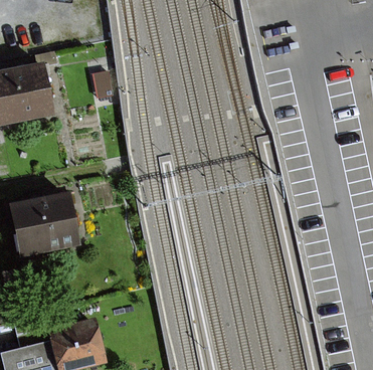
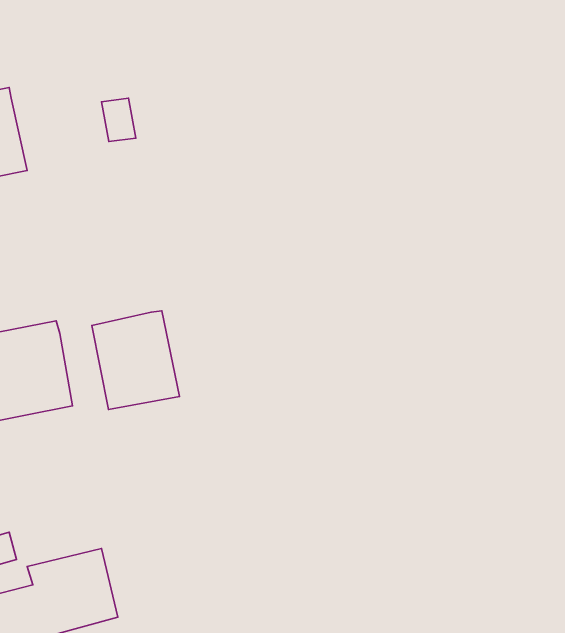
building: none -> [92,311,179,410]

